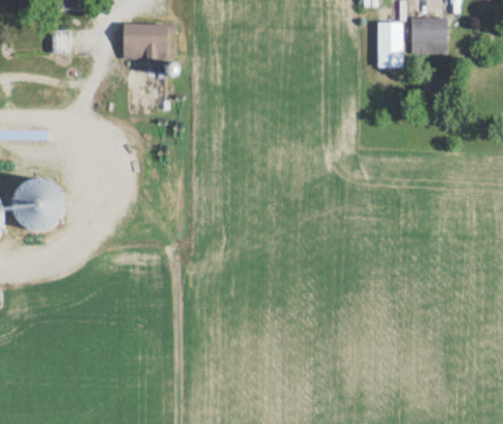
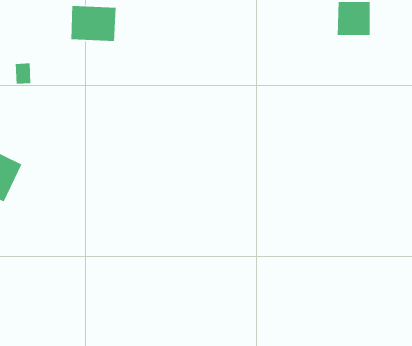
building: [378,22,402,67] -> none
building: [51,30,68,54] -> [15,62,31,85]

